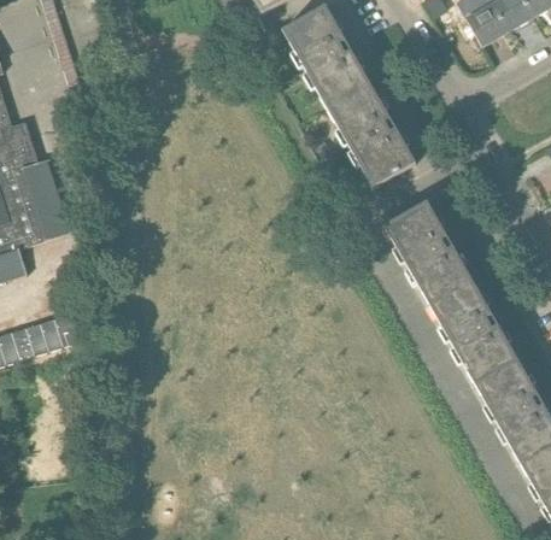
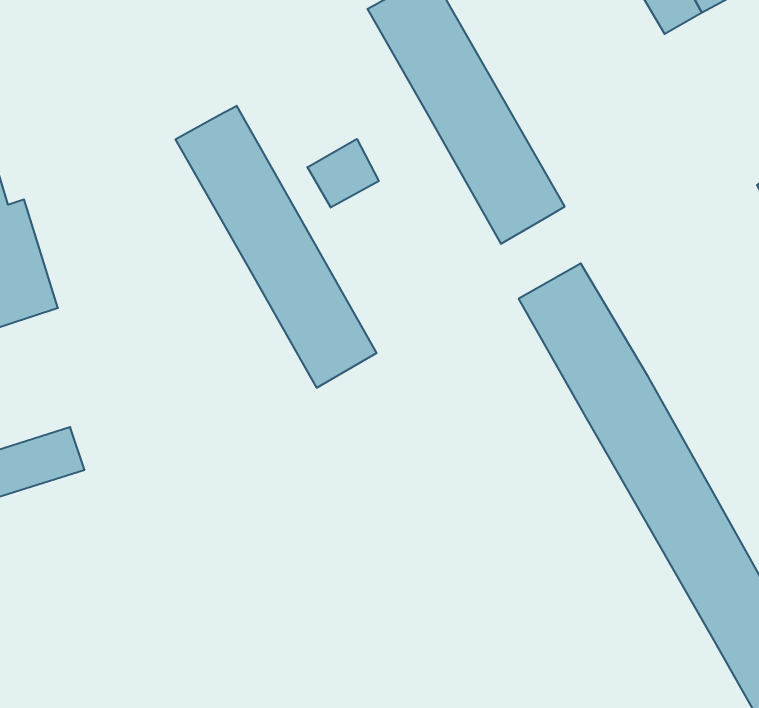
building: none -> [176,106,376,388]
building: none -> [307,139,379,208]

